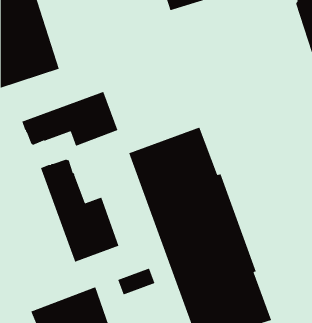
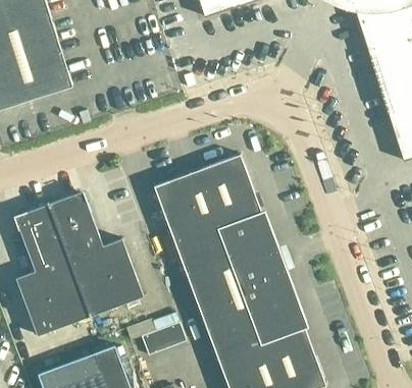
building: [20,90,118,147] -> none
building: none -> [15,201,91,335]

